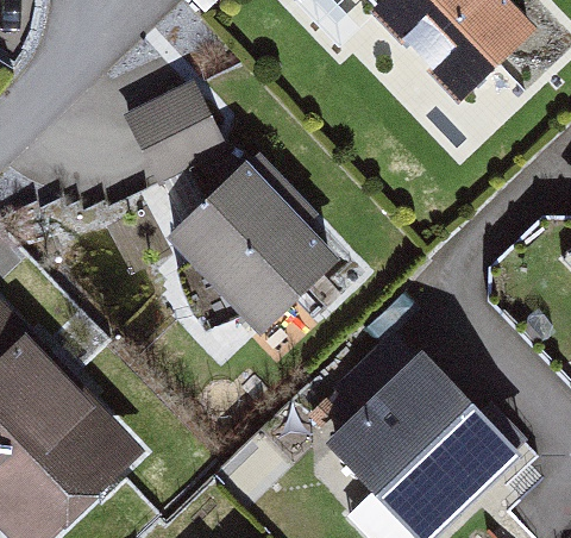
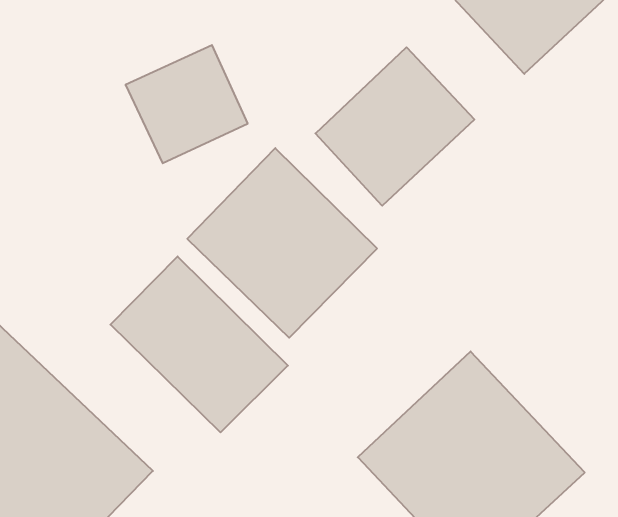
building: none -> [315,47,474,206]
building: none -> [110,256,288,432]

